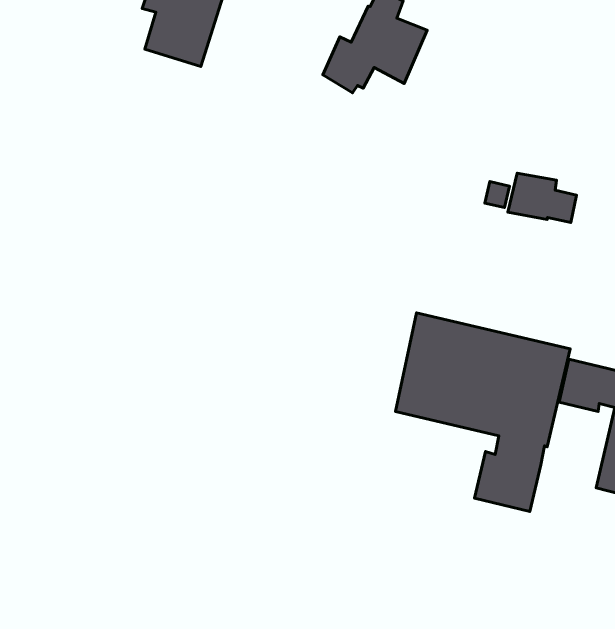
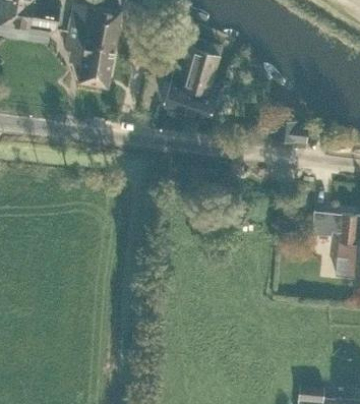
building: none -> [159,77,221,123]
building: [396,313,570,511] -> none

